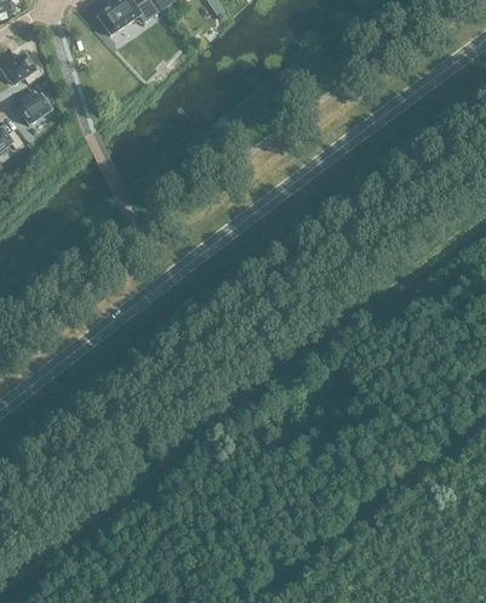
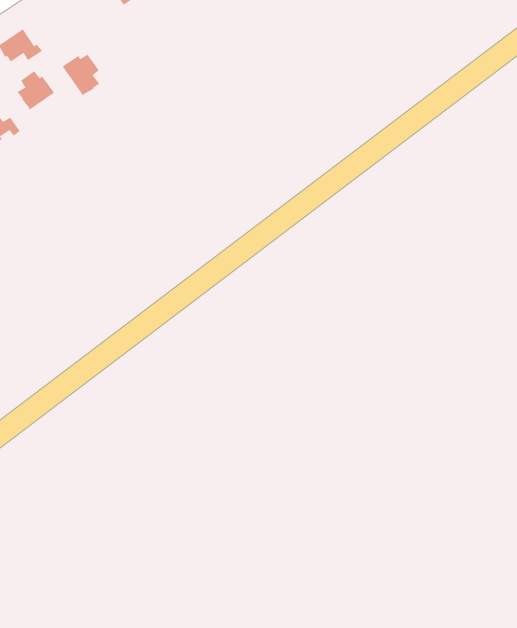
building: none -> [63,54,101,96]

